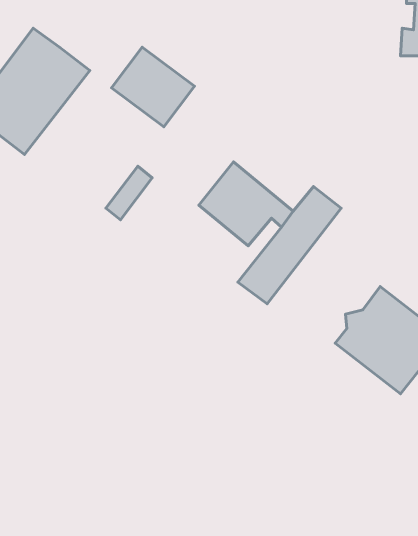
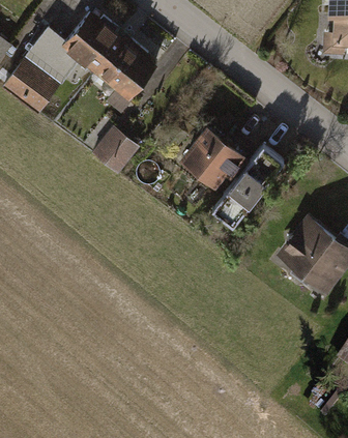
building: none -> [76,17,135,74]

